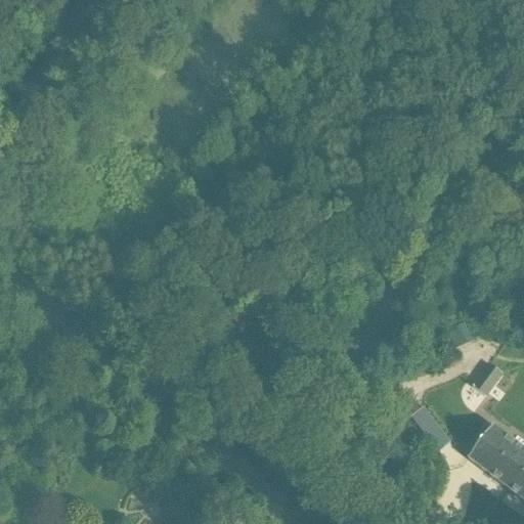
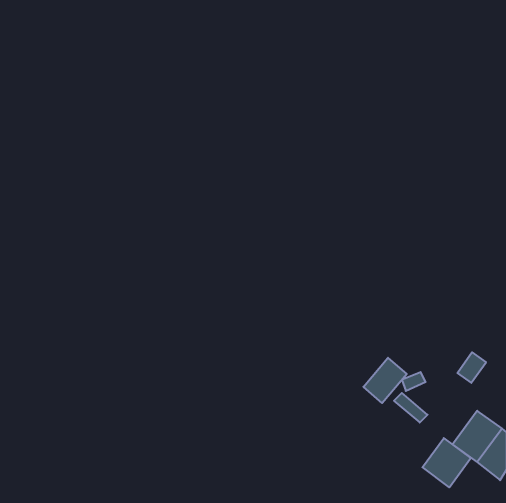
building: none -> [363,358,407,403]
building: none -> [422,438,471,487]

